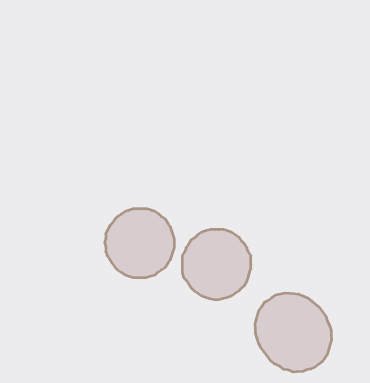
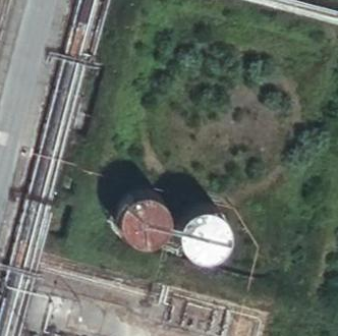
building: [255,293,331,372] -> none

